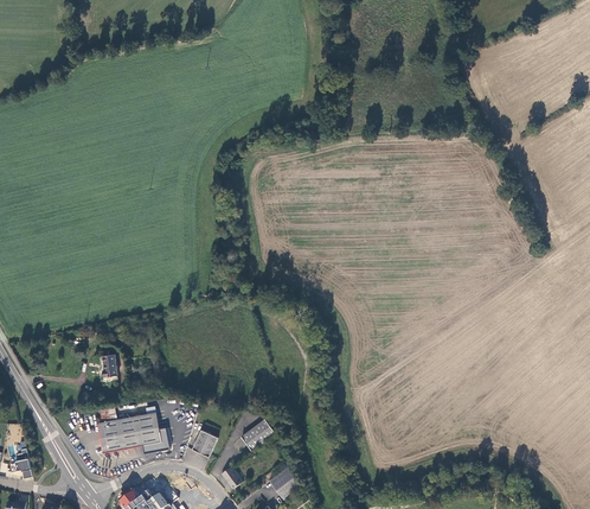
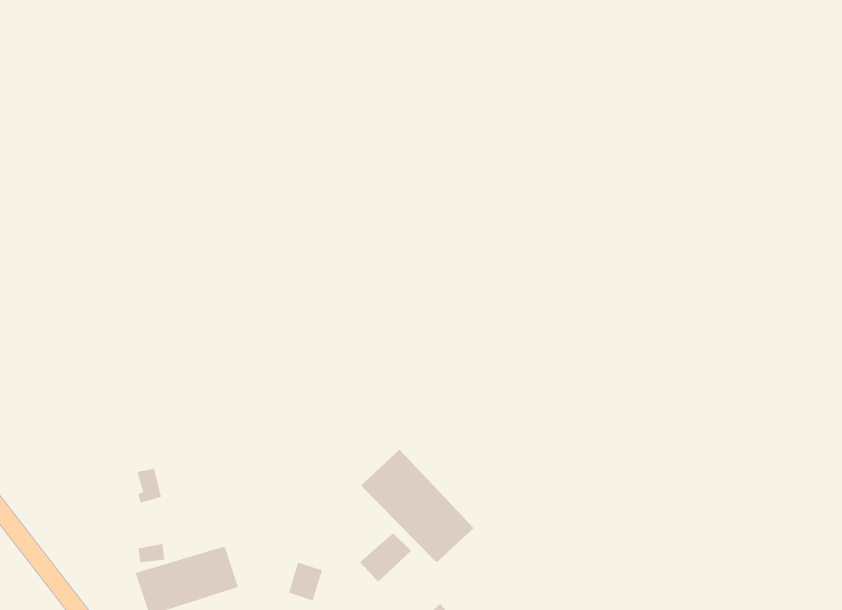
building: none -> [360,449,475,563]

